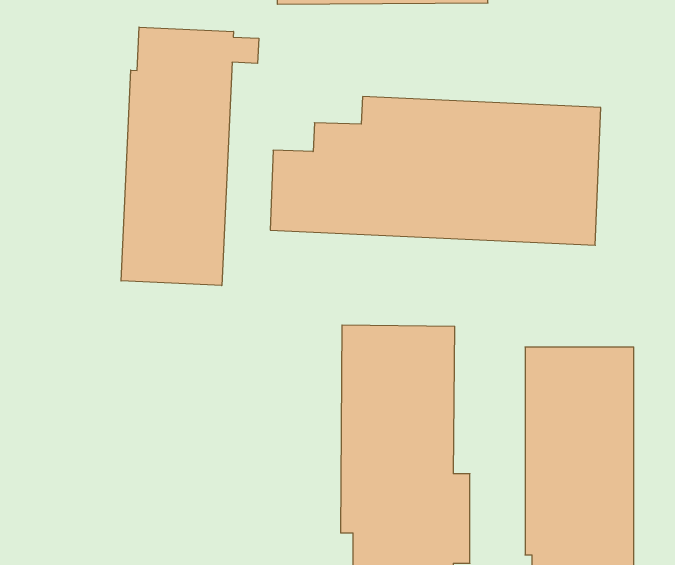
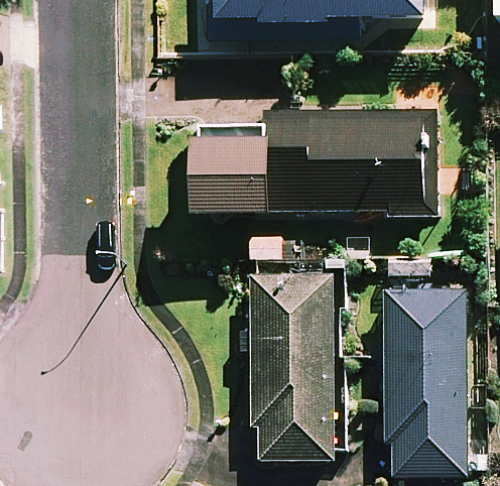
building: [121,27,259,286] -> none

